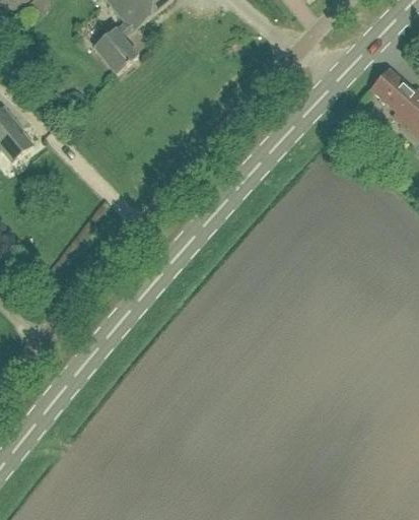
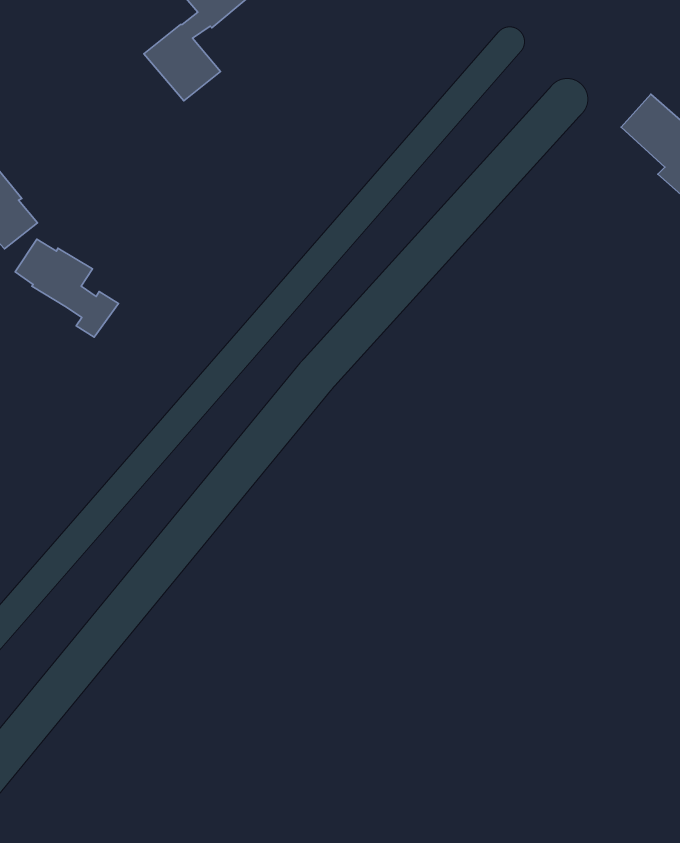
building: none -> [15,239,119,337]

